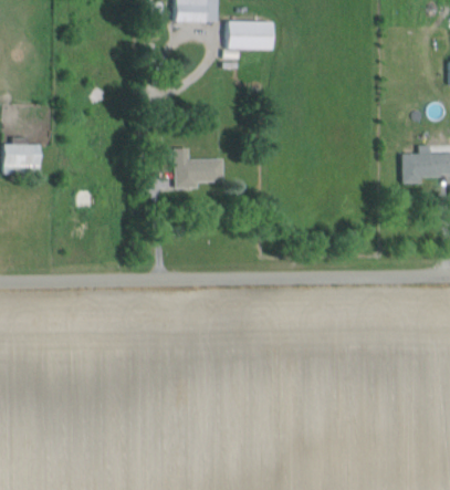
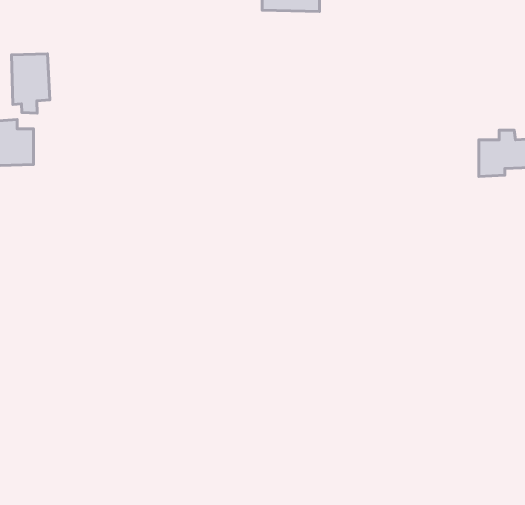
building: none -> [11,54,50,113]
building: [174,148,222,190] -> none

